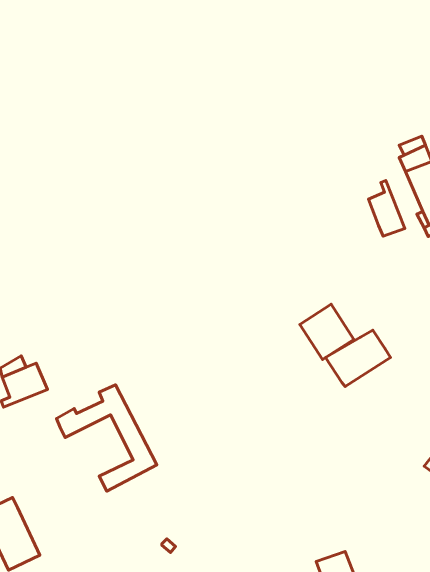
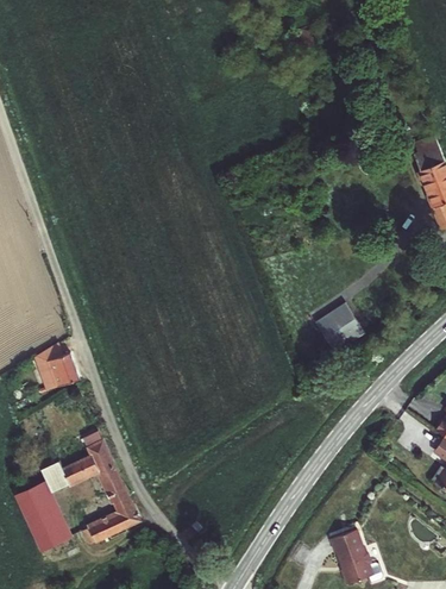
building: [369,180,405,236] -> none
building: [325,330,390,387] -> none
building: [56,385,157,491] -> [40,439,136,540]

